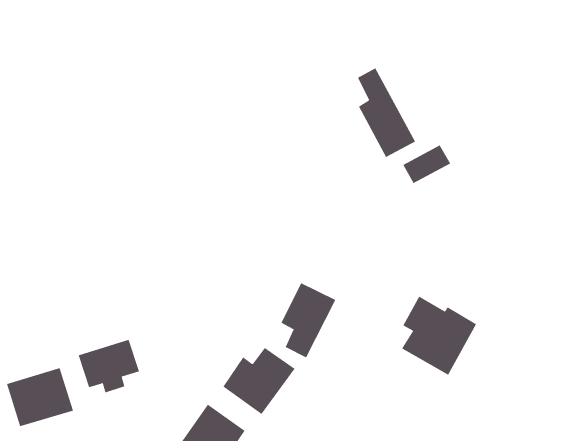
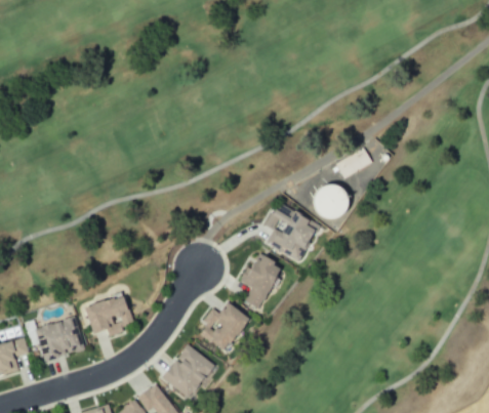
building: [357,68,416,158] -> none
building: none -> [322,185,354,216]
building: [401,296,477,376] -> [262,203,320,263]

